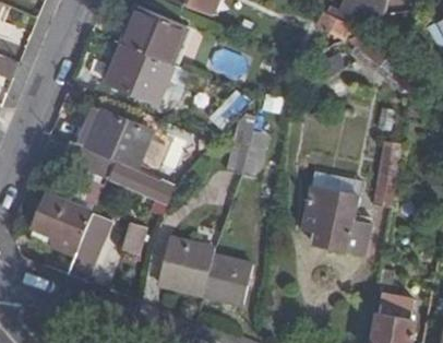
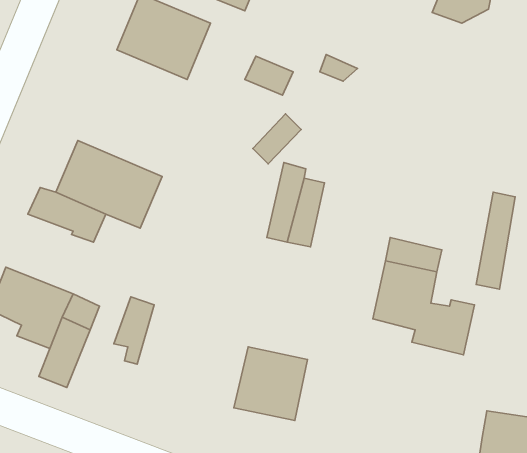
building: [106,45,175,106] -> none
building: [109,164,180,205] -> none
building: [160,240,213,295] -> none

